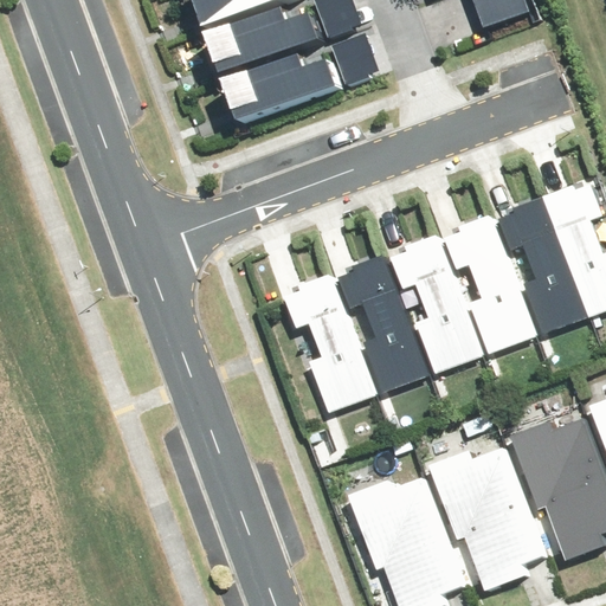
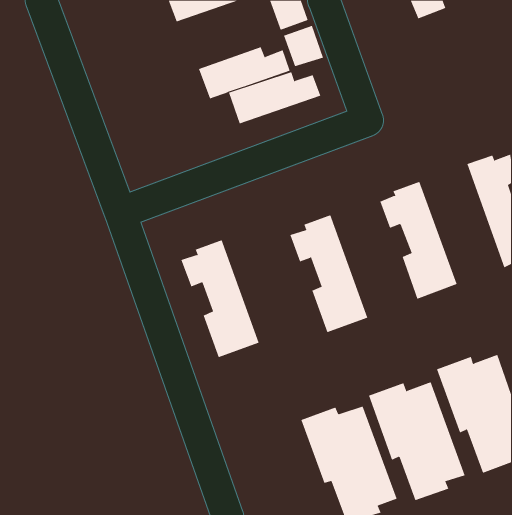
building: [214,14,323,76] -> [228,71,321,124]
building: [495,195,586,334] -> none
building: [391,234,483,373] -> none
building: [286,273,379,412] -> [181,239,260,358]

